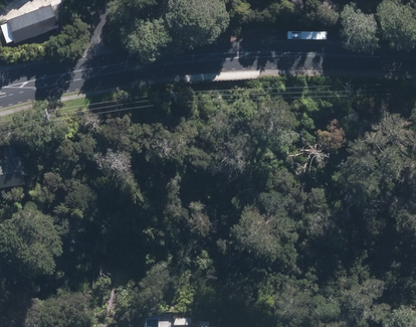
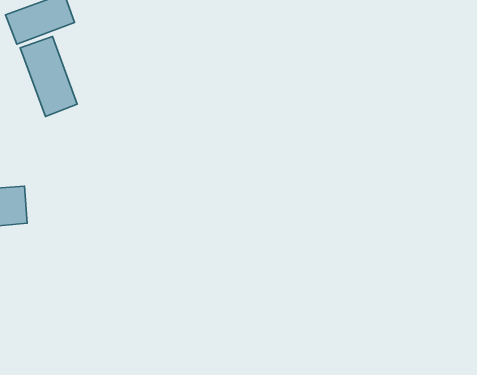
building: none -> [20,37,77,117]

